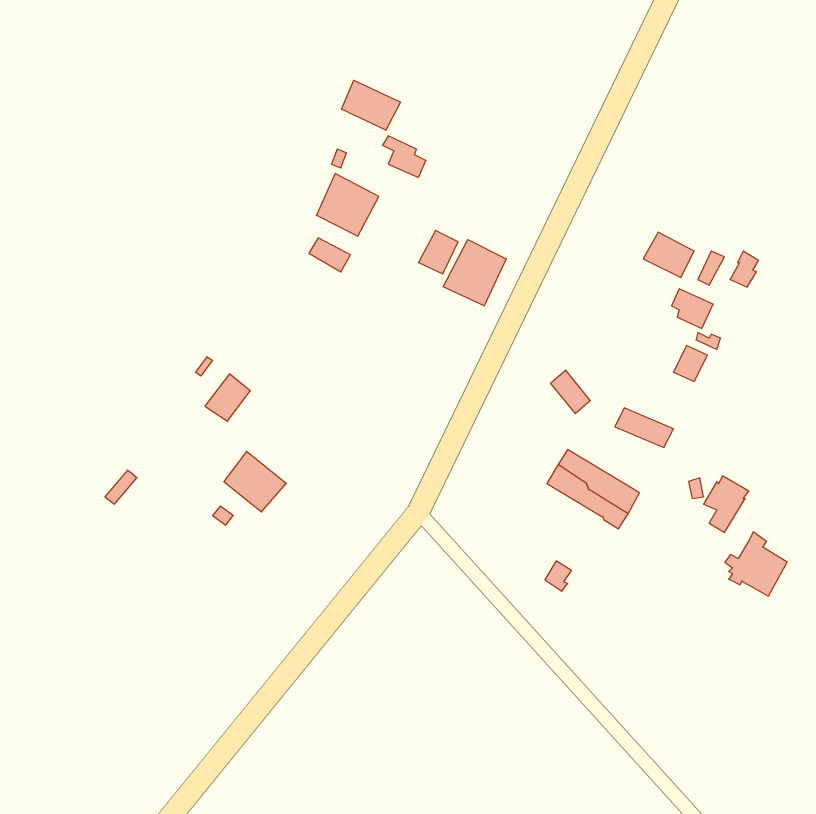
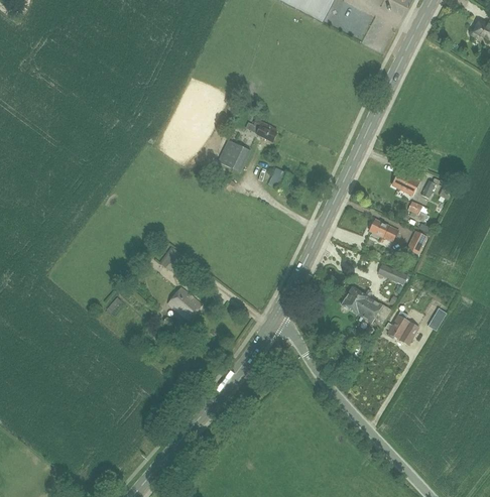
building: [341,80,401,130] -> none
building: [443,240,506,306] -> none
building: none -> [368,218,398,242]
building: [725,532,787,596] -> [384,309,417,344]

